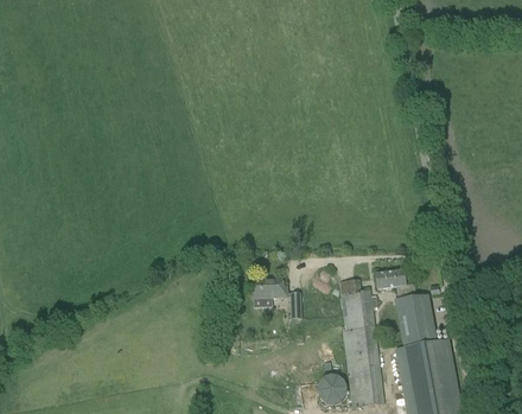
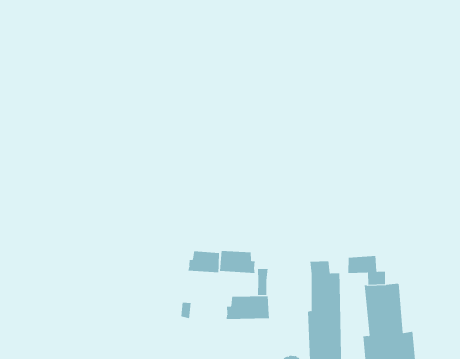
building: none -> [188,251,220,273]
building: none -> [226,296,269,320]

